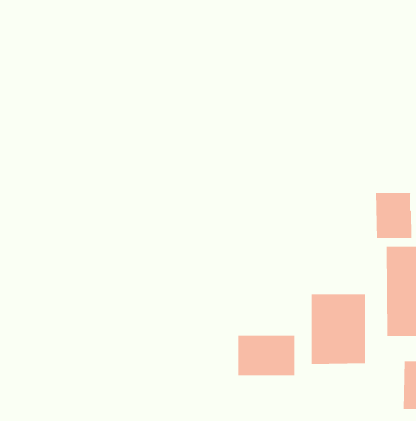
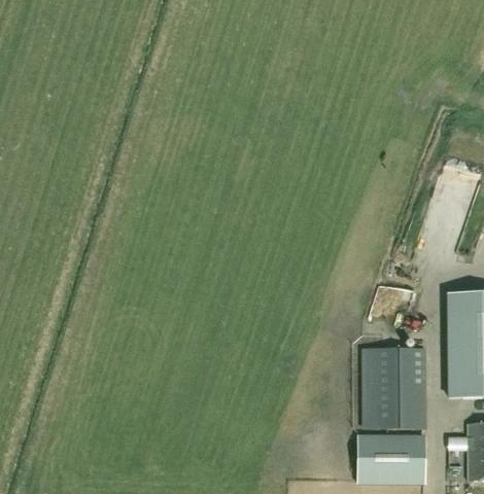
building: [375,192,412,239] -> none
building: [238,335,295,376] -> [359,435,425,482]

